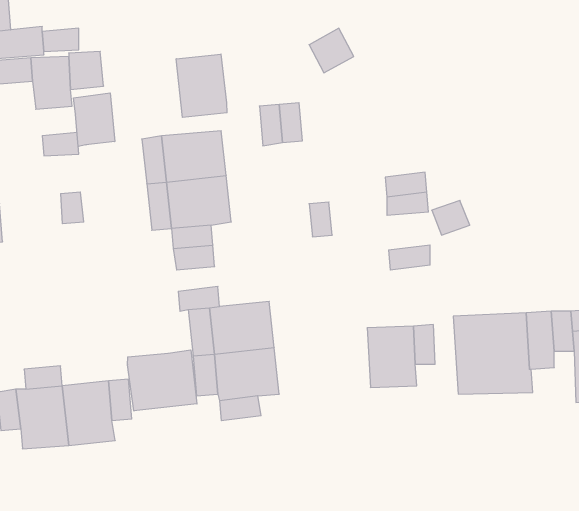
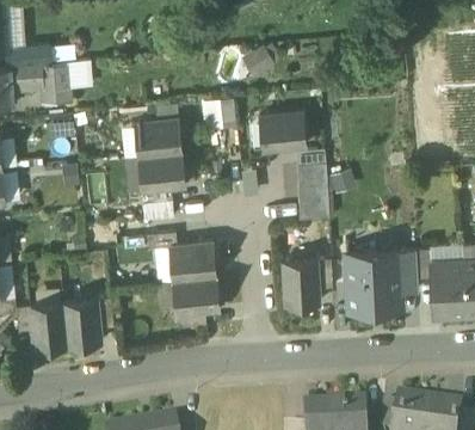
building: [176,54,227,117] -> none
building: [74,93,115,147] -> none
building: none -> [259,111,304,149]
building: none -> [296,177,327,204]
building: [128,350,197,411] -> none

